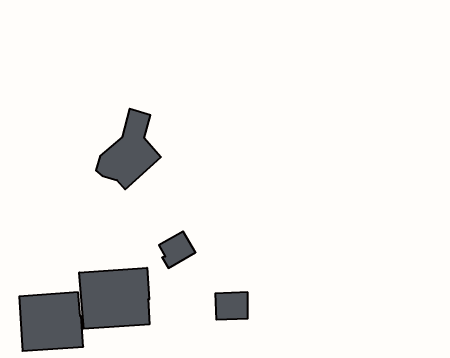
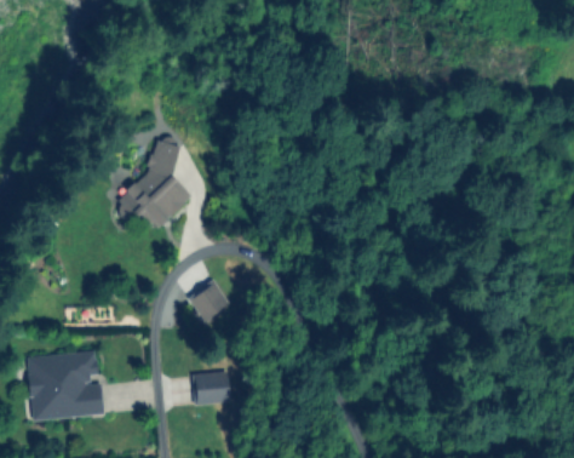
building: [79,268,149,329] -> none
building: [215,292,248,320] -> [194,372,231,403]

